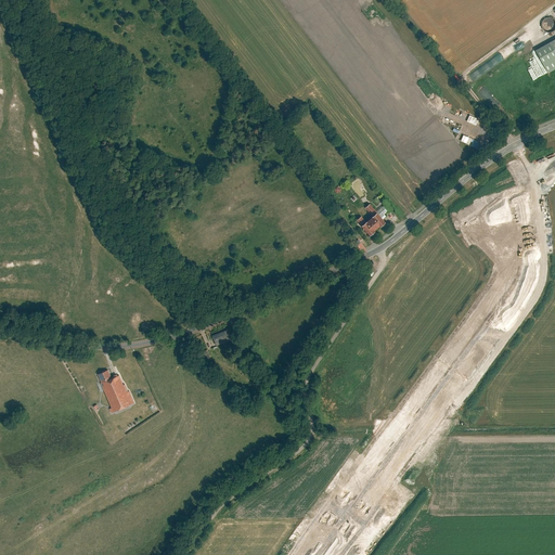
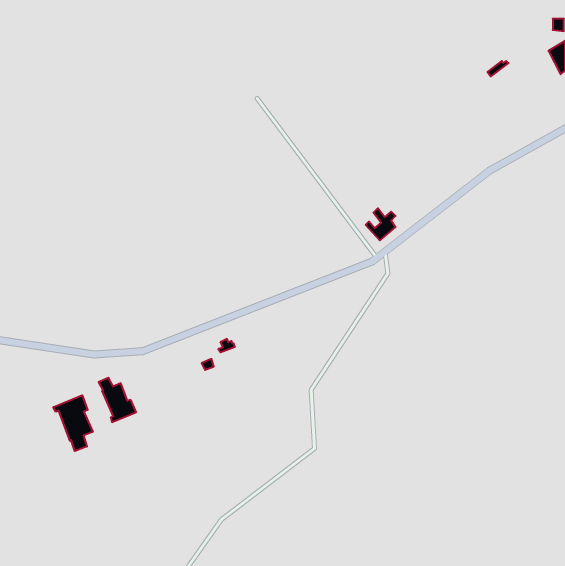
building: none -> [53,395,93,451]

